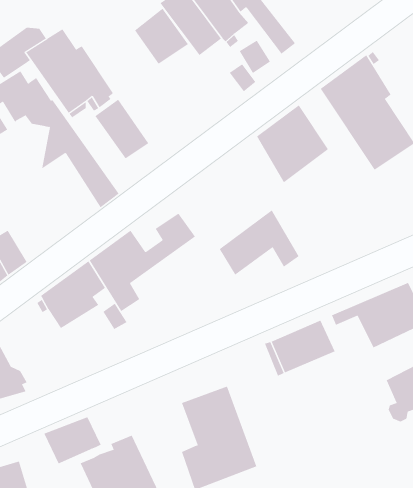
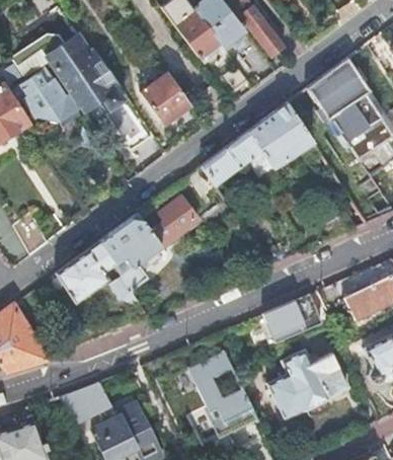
building: [134,8,189,65] -> [143,71,191,122]
building: [219,209,300,275] -> [203,130,274,188]
building: none -> [267,351,347,419]

